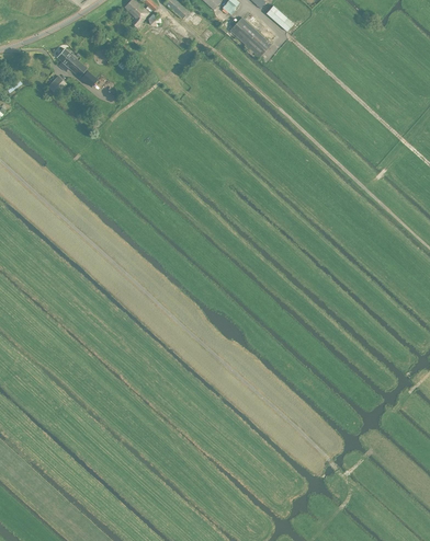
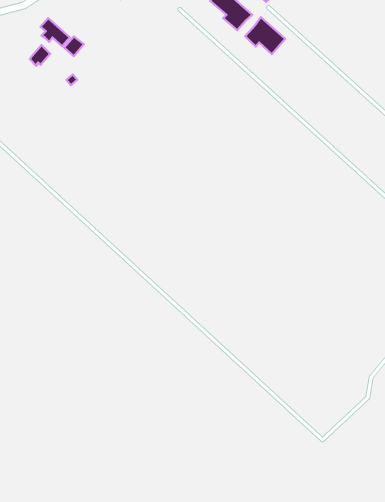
building: none -> [245,17,285,54]

